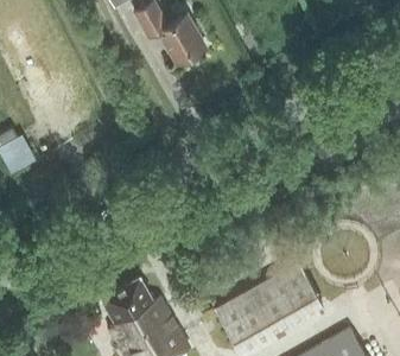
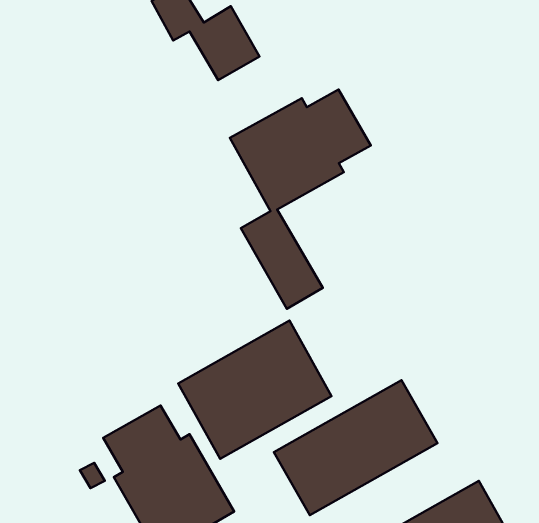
building: none -> [230,89,371,309]
building: none -> [178,321,332,459]

